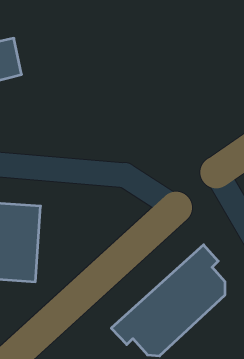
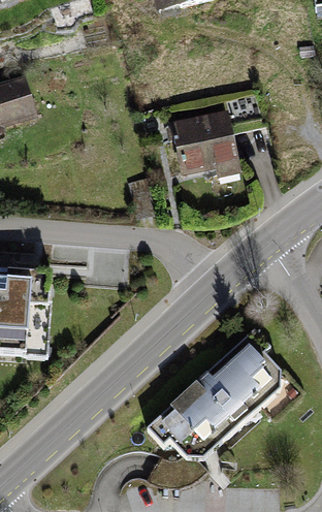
building: none -> [165,106,236,173]

